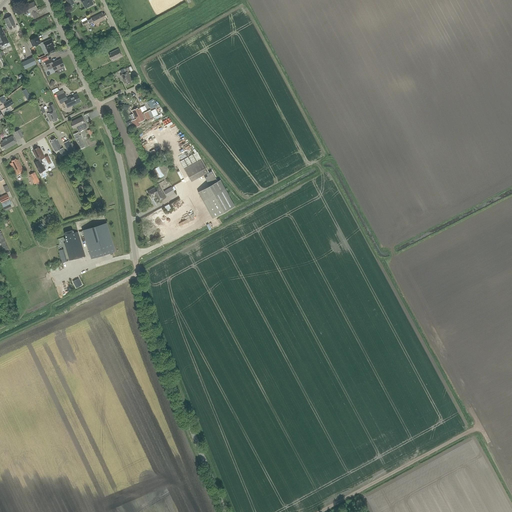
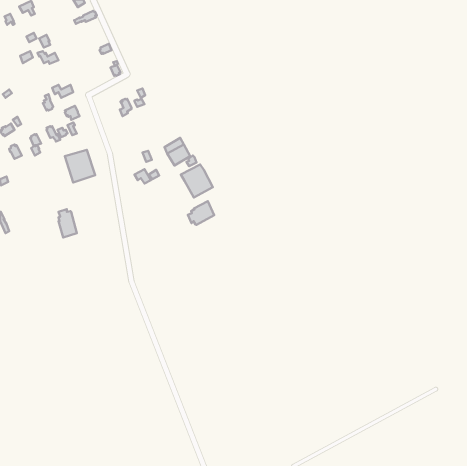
building: none -> [188,201,214,225]
building: [82,222,115,258] -> [65,150,95,183]

